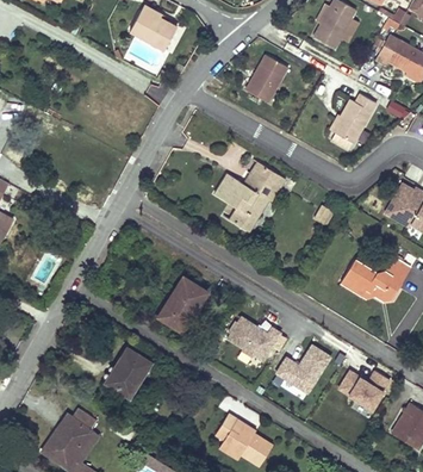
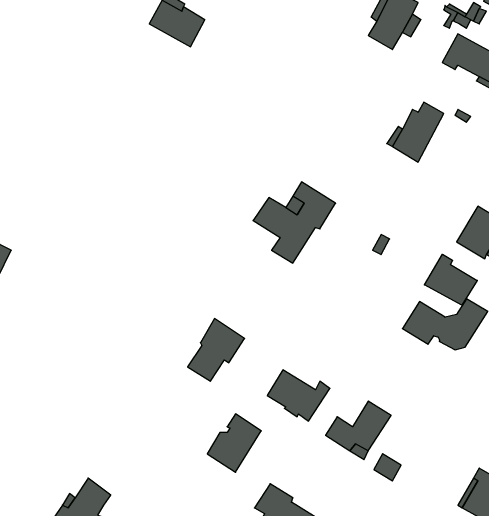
building: [244,55,286,103] -> none
building: none -> [424,254,477,305]
building: [106,348,151,397] -> [207,414,261,472]
building: [338,371,390,409] -> none

